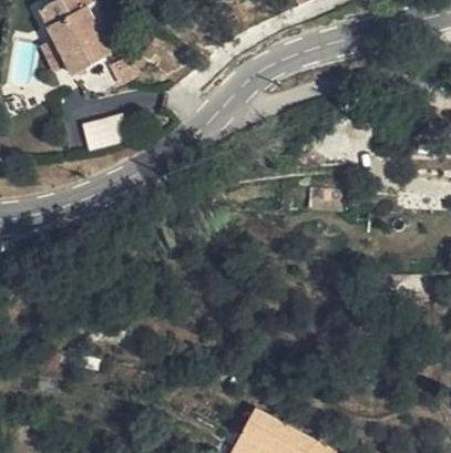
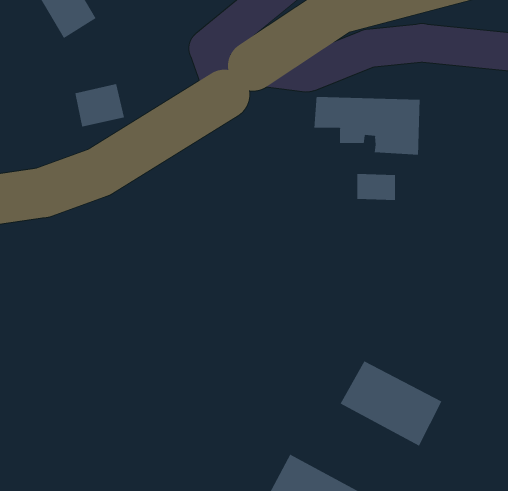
building: none -> [314,96,420,155]
building: none -> [340,360,442,446]

